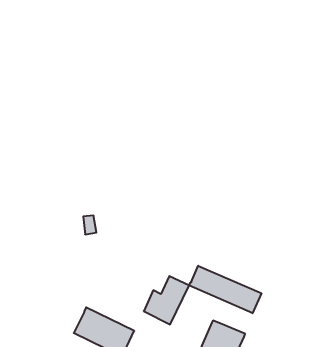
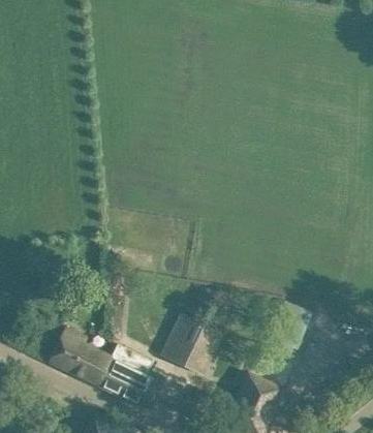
building: [189,266,261,313] -> none
building: none -> [49,330,107,381]

